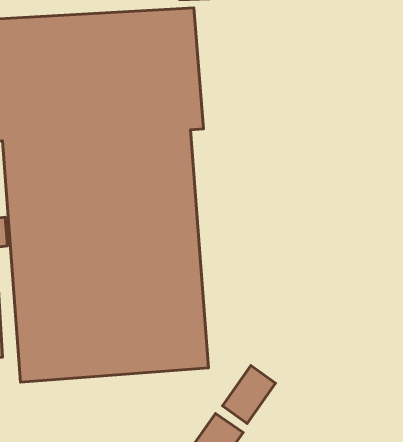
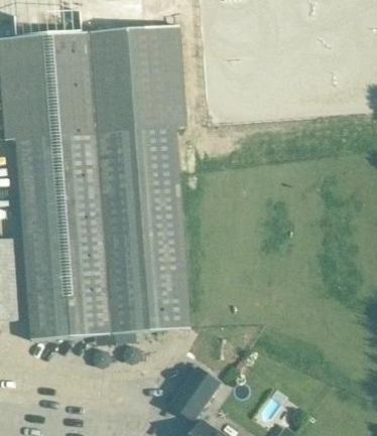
building: [223,366,276,423] -> none

